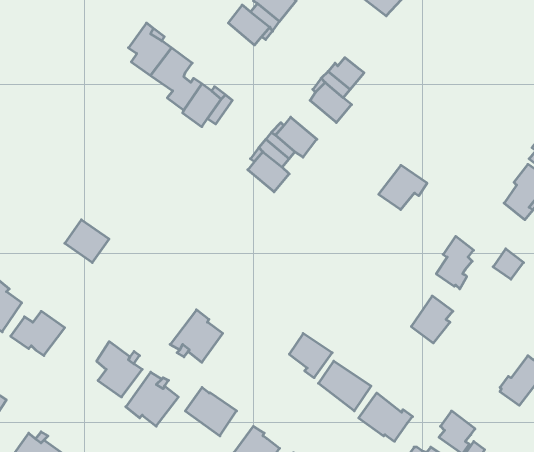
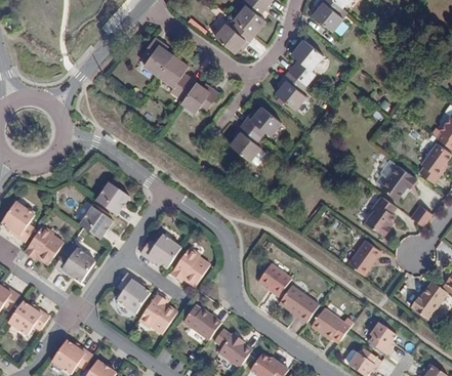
building: none -> [290,39,323,70]
building: [379,165,427,210] -> [381,163,417,196]
building: none -> [78,206,111,239]
building: none -> [139,235,180,269]

